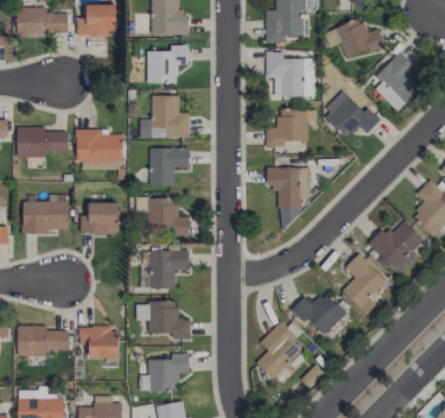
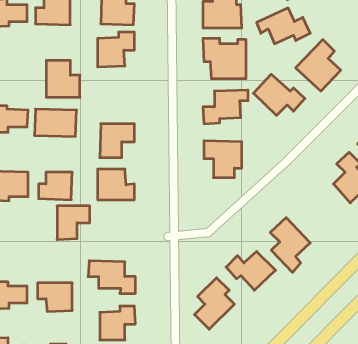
building: [151,95,189,137] -> [46,60,80,97]
building: [367,220,424,274] -> none
building: [151,251,187,289] -> [57,206,90,240]

